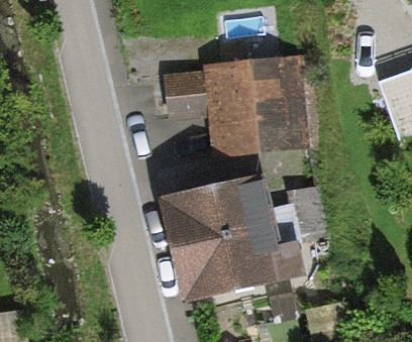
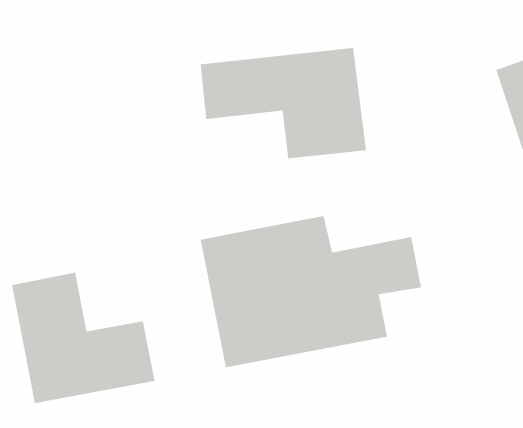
building: none -> [11,272,155,404]

